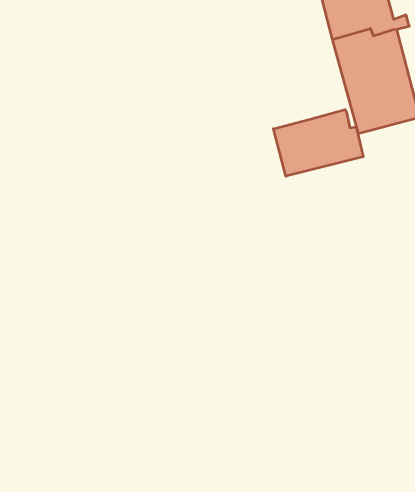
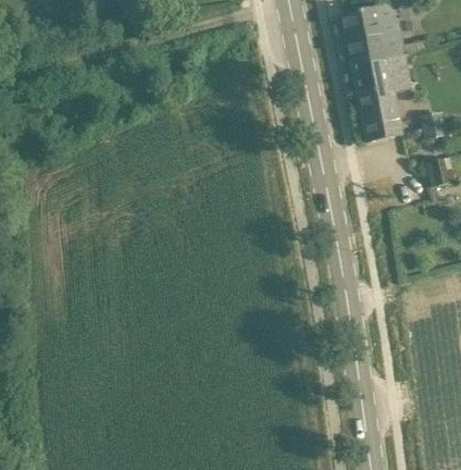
building: [273,110,363,176] -> none

